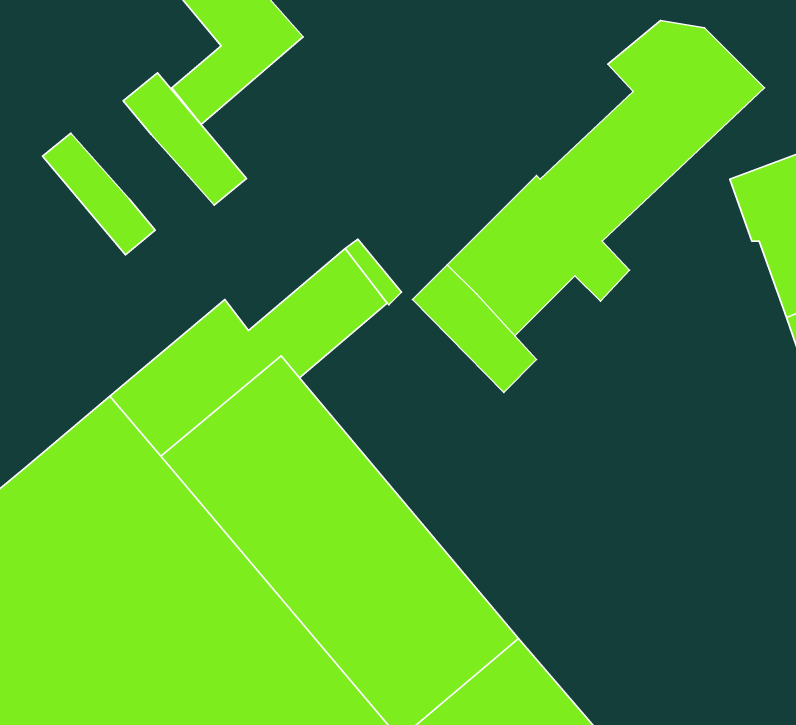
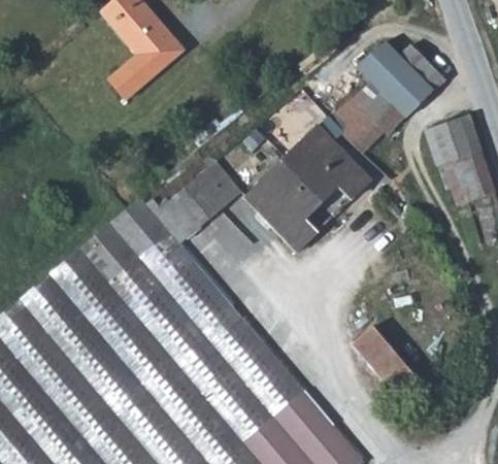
building: [123,73,247,205] -> none
building: [43,133,155,255] -> none
building: none -> [351,326,411,391]

